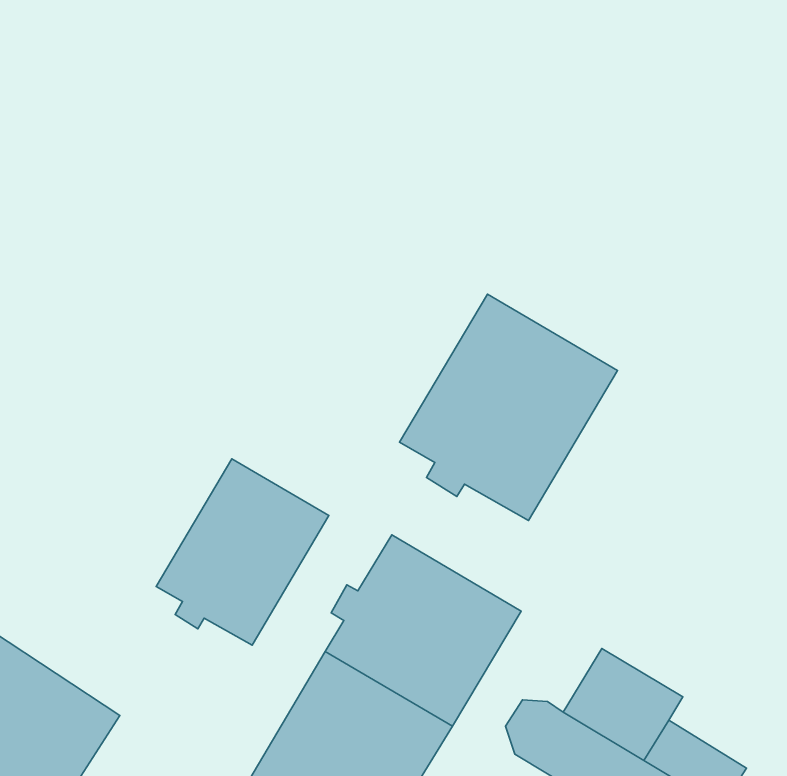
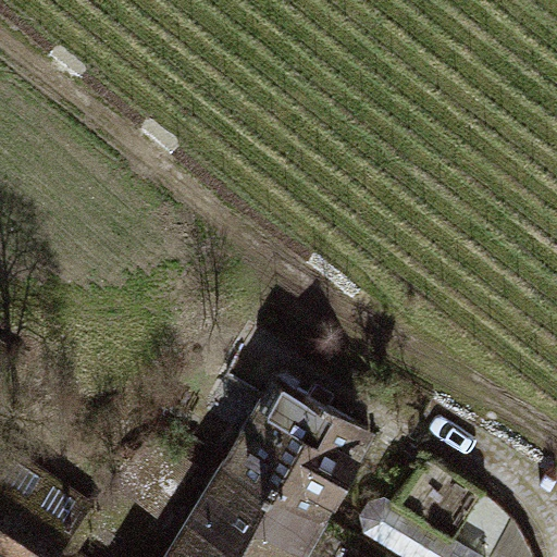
building: [400,294,617,521] -> none
building: [156,459,329,645] -> none

